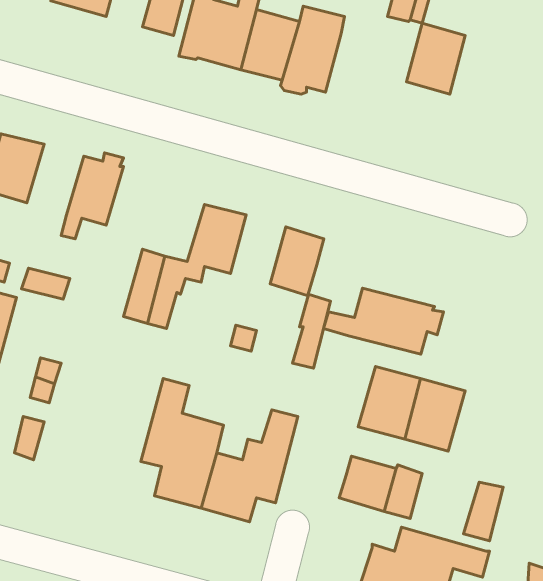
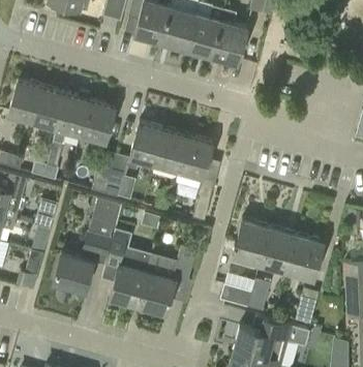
building: [407,23,465,94] -> [212,21,247,63]
building: none -> [33,87,67,129]
building: none -> [81,100,115,143]
building: none -> [155,129,188,171]
building: [324,288,444,354] -> none
building: none -> [53,198,119,292]
building: none -> [285,235,323,278]

